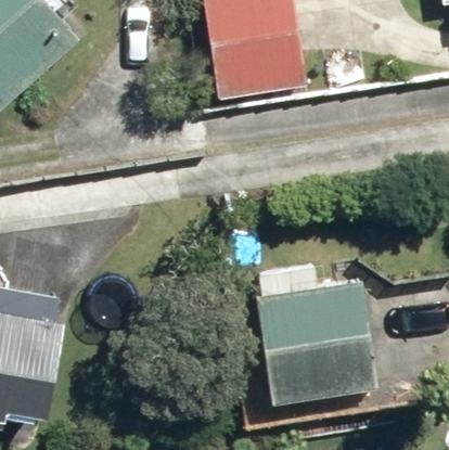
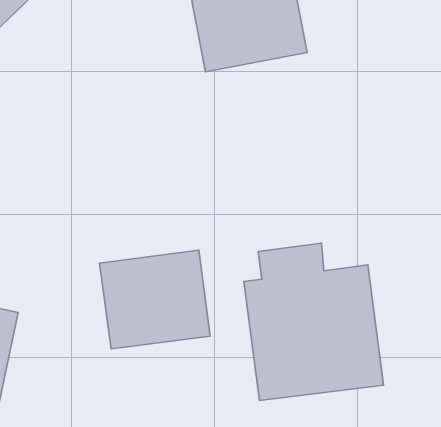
building: none -> [100,250,210,349]

